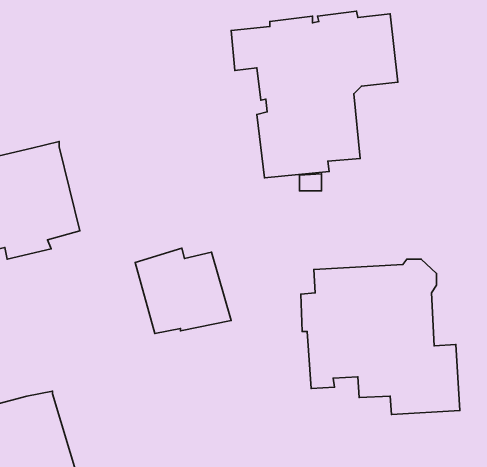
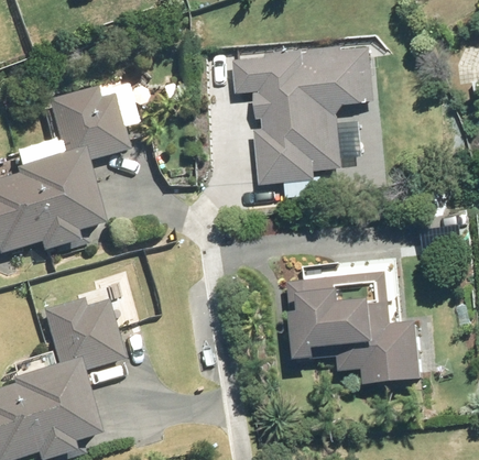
building: none -> [48,84,128,157]
building: [135,248,231,334] -> [42,296,123,369]

